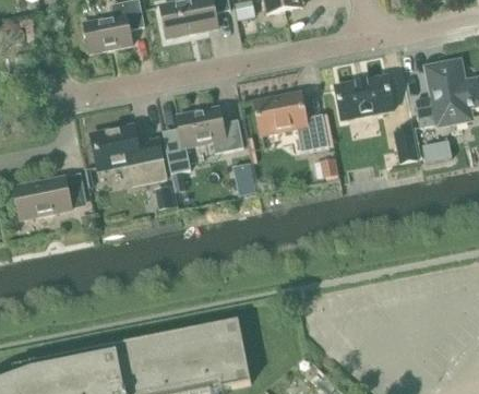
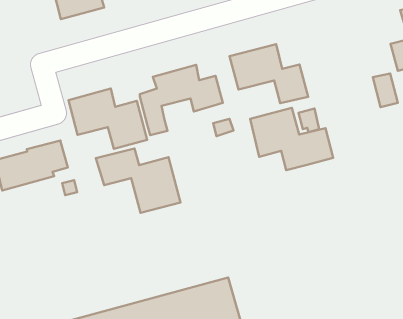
building: [336,74,394,119] -> none
building: none -> [250,108,333,170]
building: none -> [96,148,181,213]

